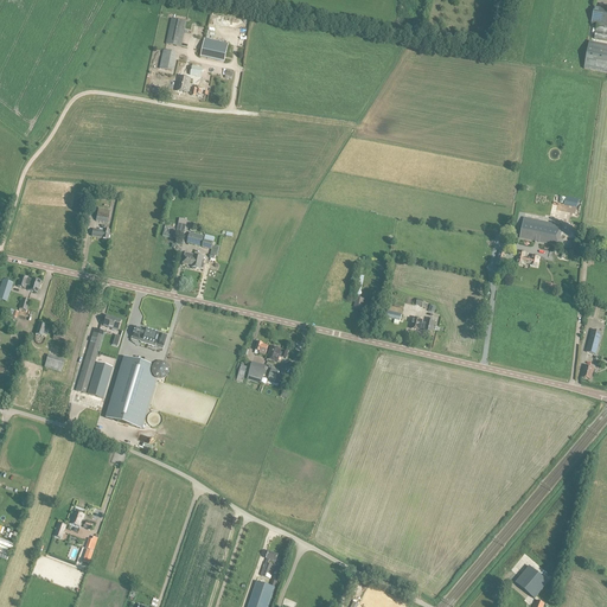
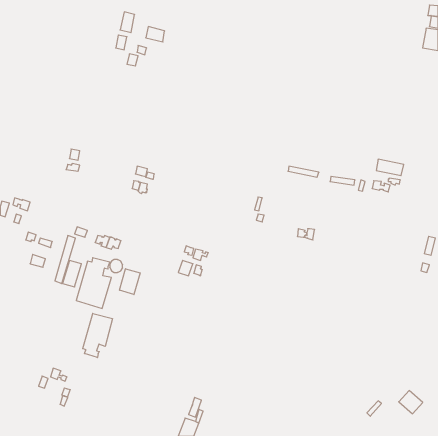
building: none -> [120,269,140,295]
building: none -> [83,313,112,358]
building: [516,564,549,596] -> [399,391,423,414]

